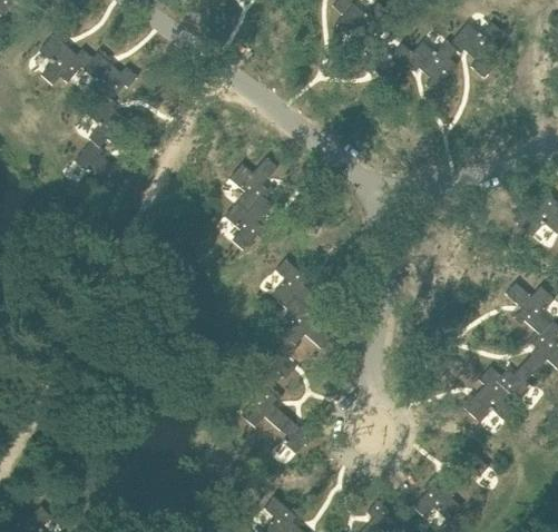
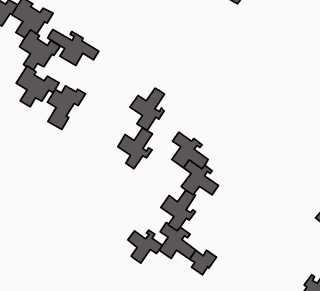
building: none -> [48,30,99,66]
building: [231,158,280,211] -> [118,128,152,169]
building: none -> [48,86,85,130]
building: none -> [128,230,162,263]

